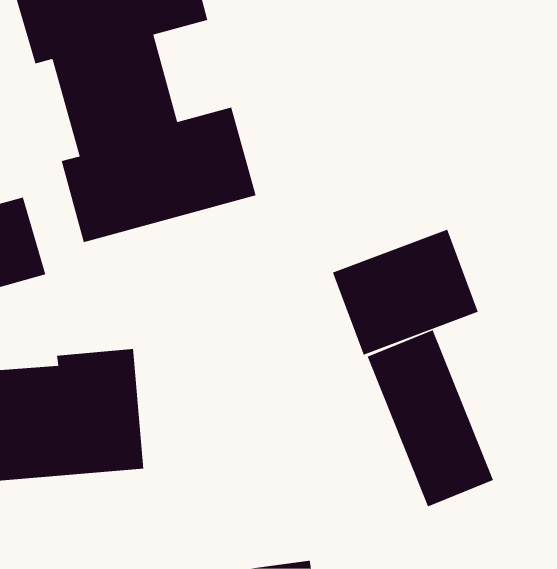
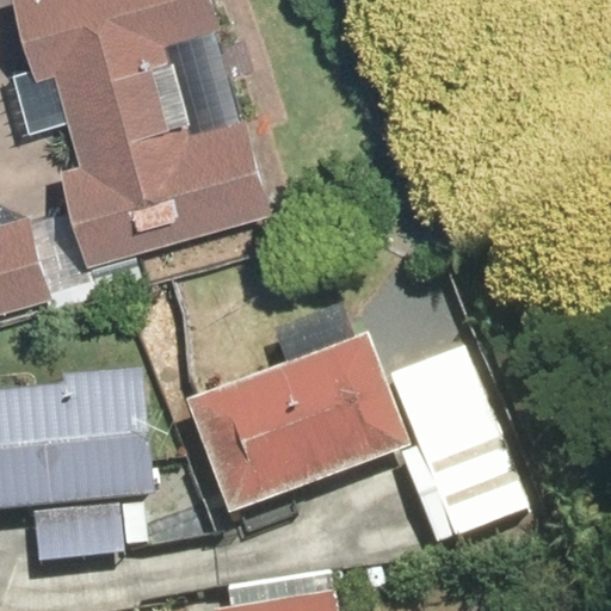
building: [332,229,479,355] -> none
building: none -> [184,335,407,516]

